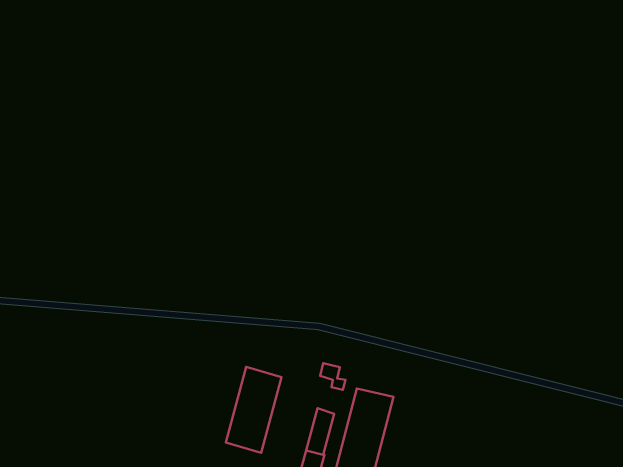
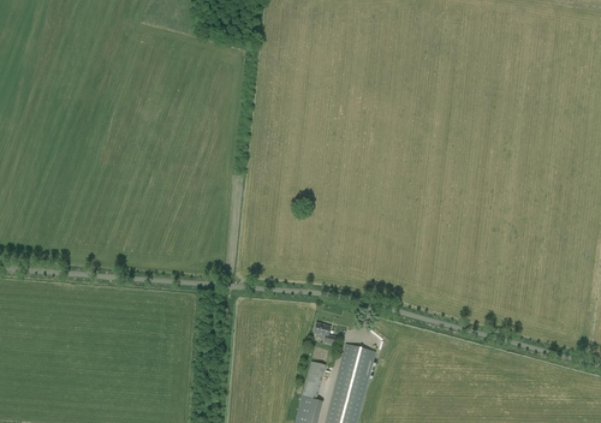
building: [226,367,281,453] -> none

